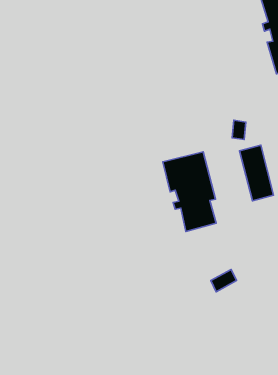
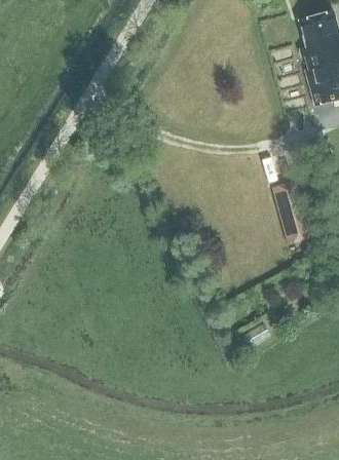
building: [163,152,216,231] -> none

